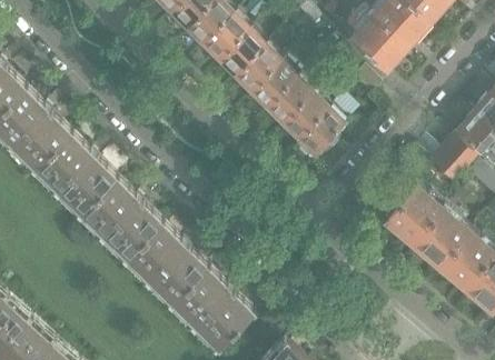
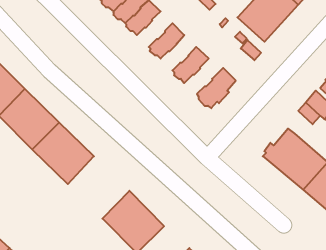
building: [217,29,264,76] -> none
building: [248,60,295,107] -> none
building: [279,91,327,138] -> none
building: [126,220,207,302] -> none

